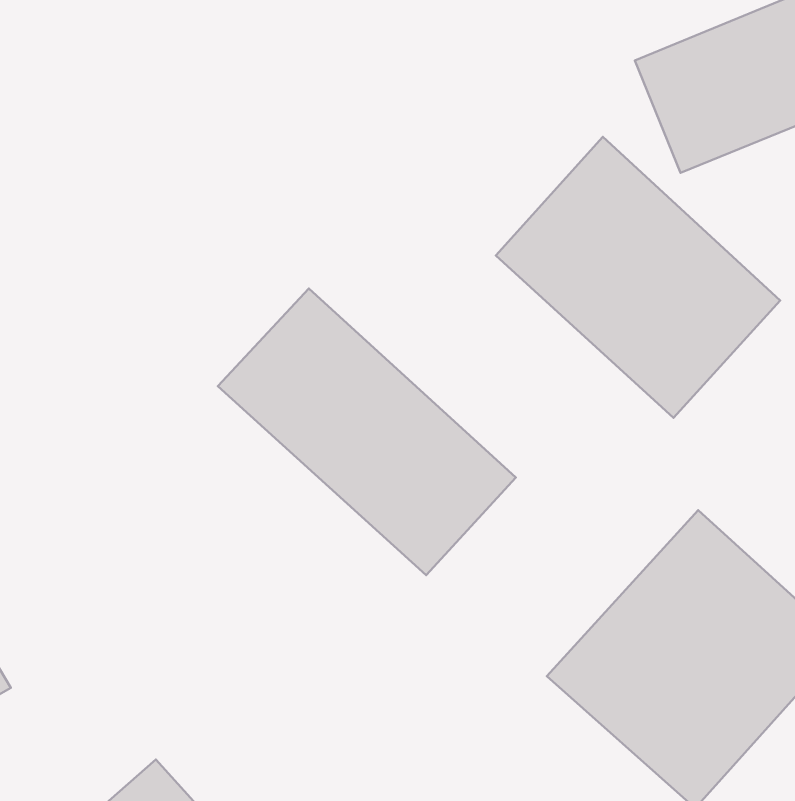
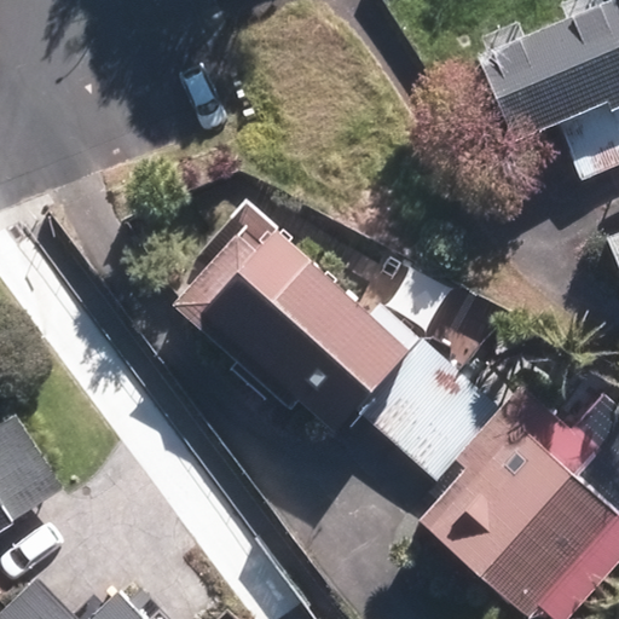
building: [496,137,780,418] -> none

